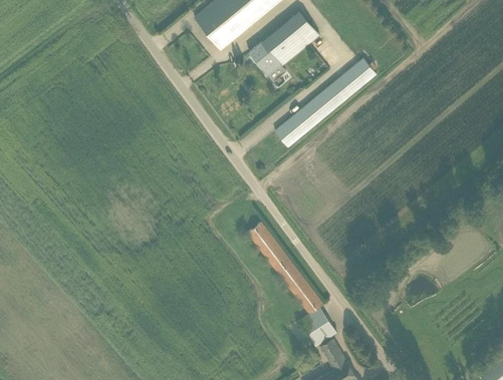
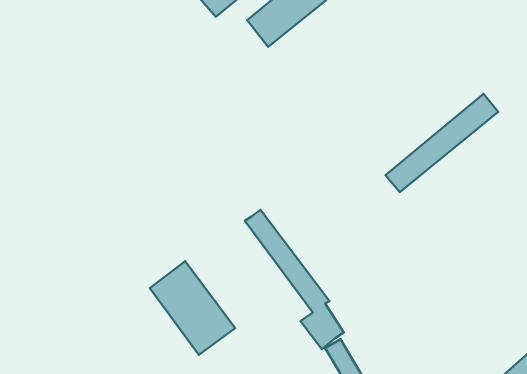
building: [275,57,376,145] -> [385,94,498,192]
building: none -> [150,261,235,355]

